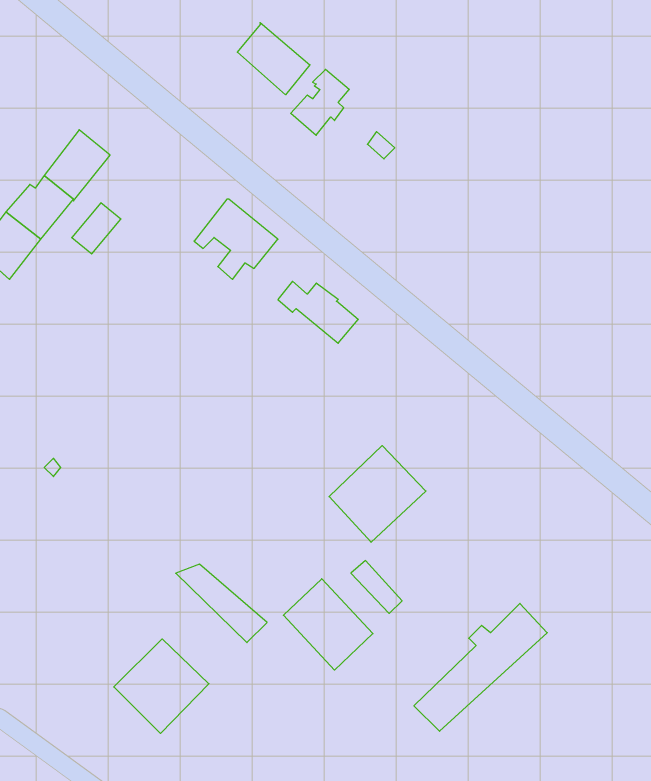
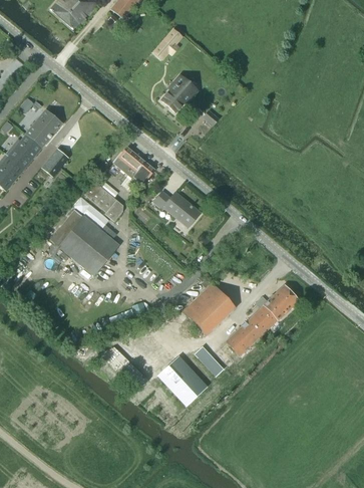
building: [237,23,310,95] -> none
building: none -> [82,183,123,221]
building: none -> [50,216,119,276]
building: [414,603,547,731] -> [226,284,299,354]
building: [114,639,209,733] -> none

